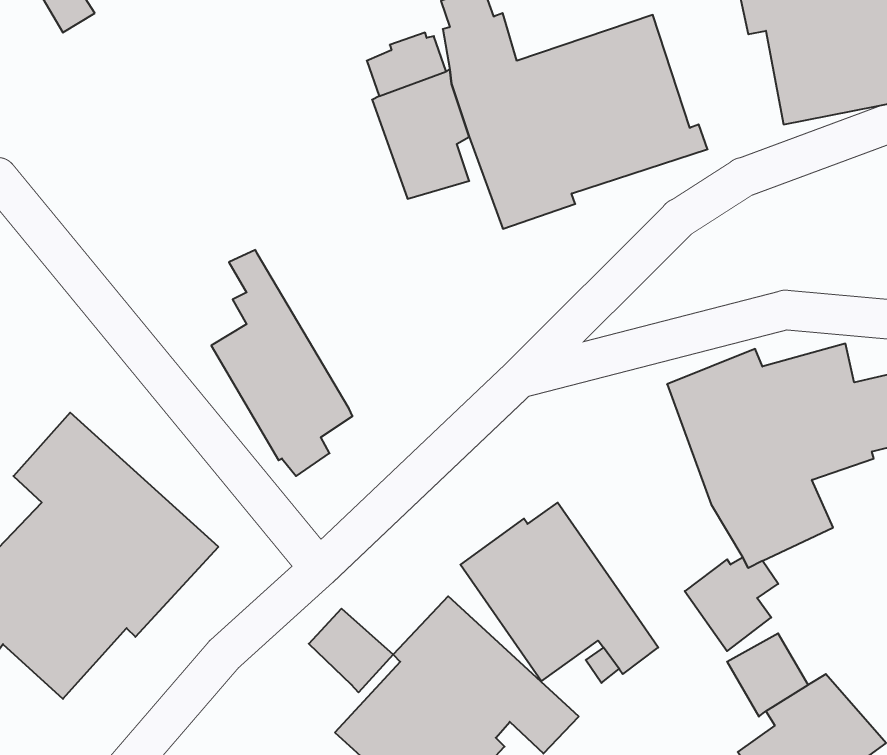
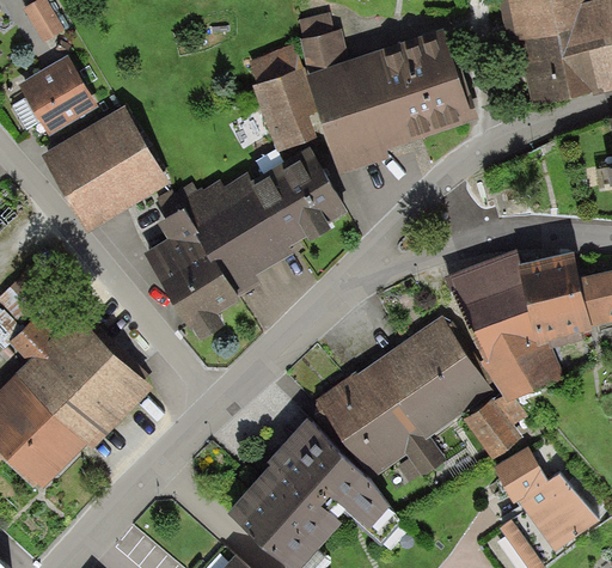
building: none -> [18,54,98,135]
building: none -> [41,105,170,232]
building: none -> [175,147,347,295]
building: none -> [378,314,495,434]
building: [309,609,393,692] -> none

